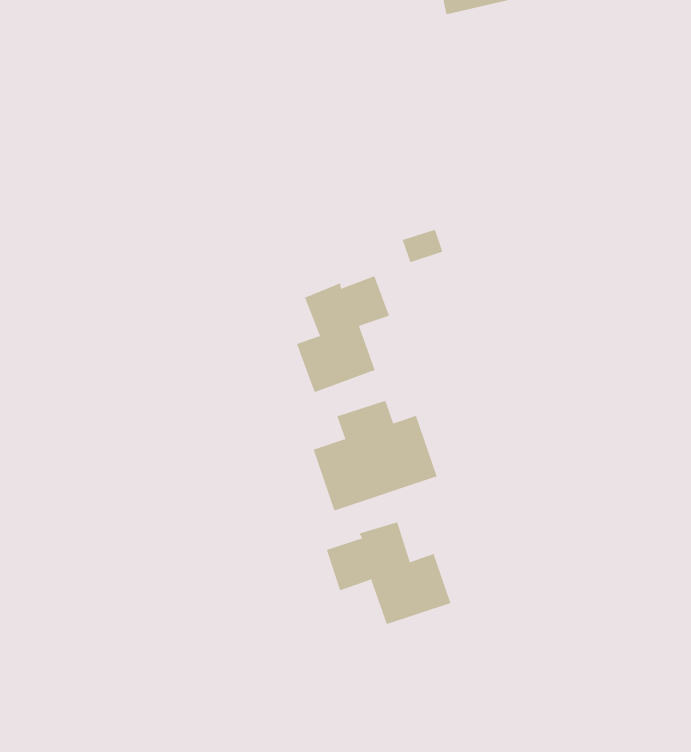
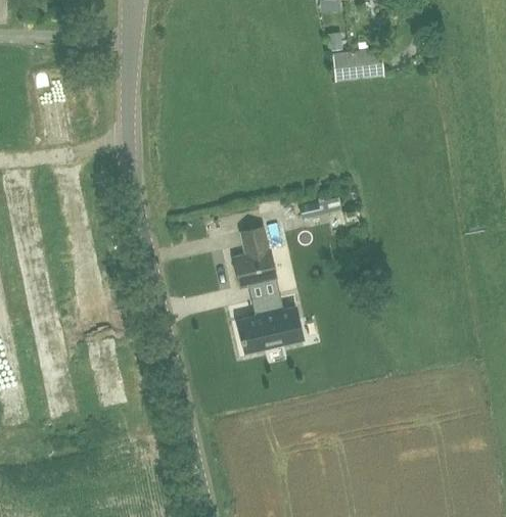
building: [326,521,451,625] -> none

